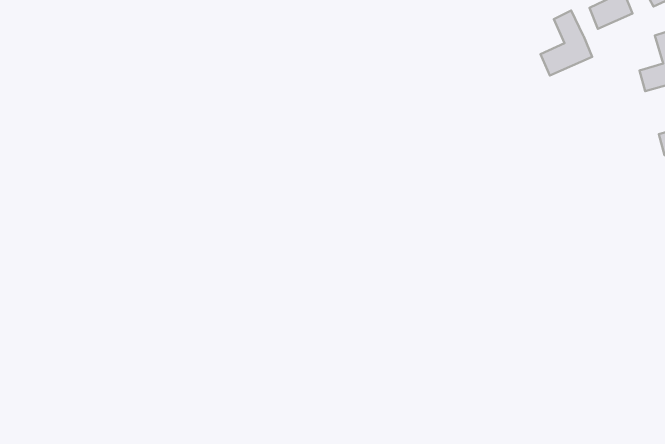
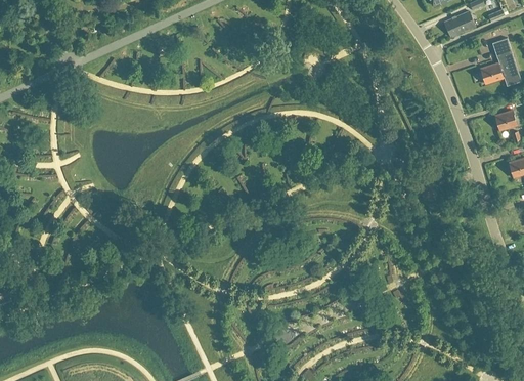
building: [541,10,592,76] -> none

